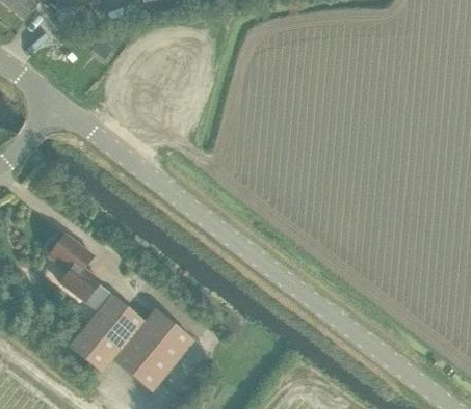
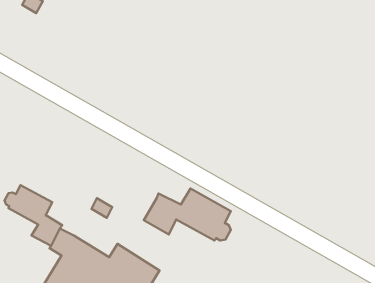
building: none -> [144,189,231,241]

